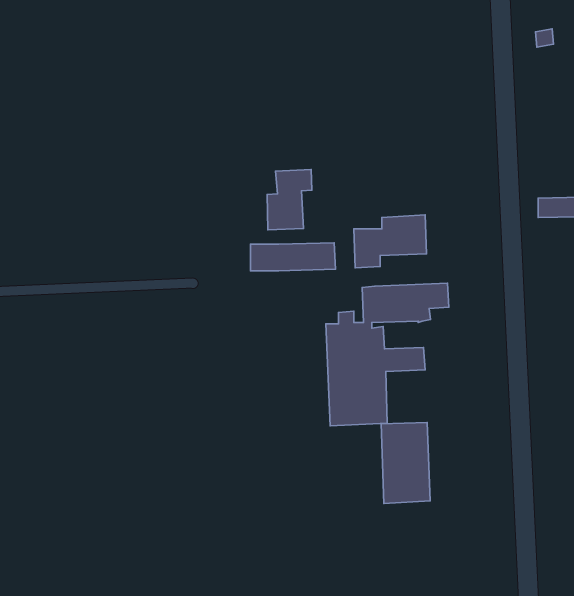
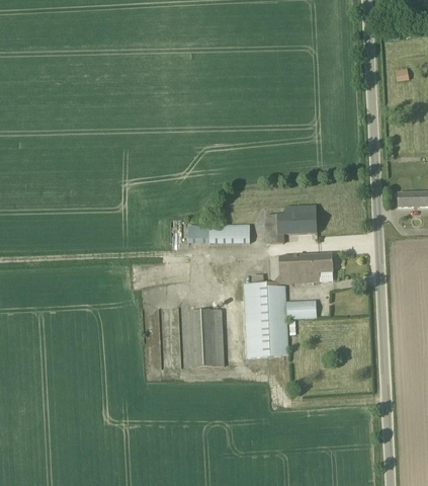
building: [267,170,312,230] -> none
building: [381,423,430,504] -> [187,309,223,368]

